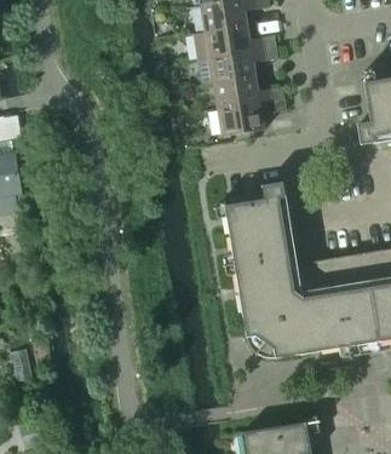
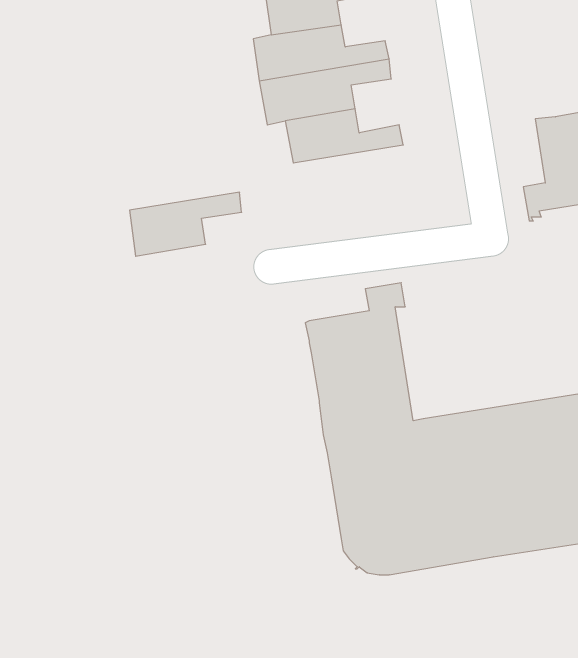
building: [218,98,286,137] -> [130,192,242,256]

